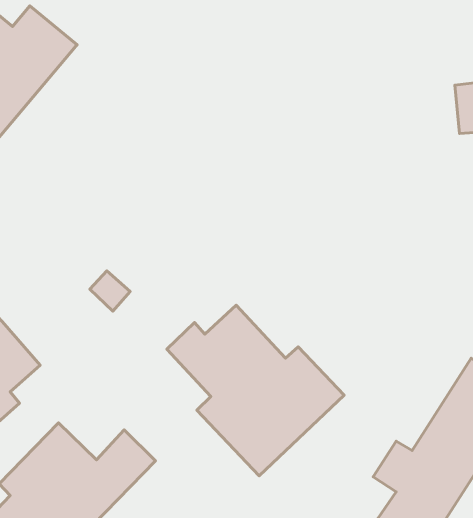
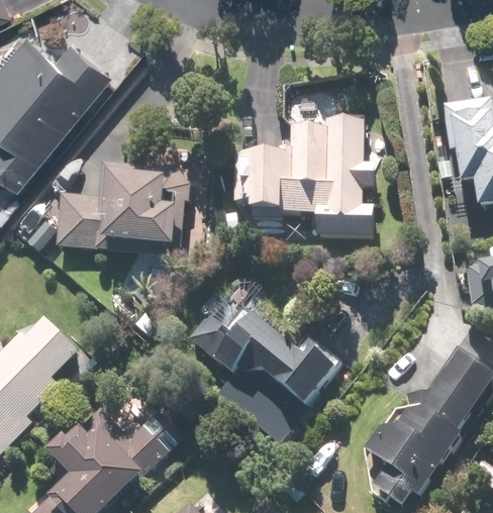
building: none -> [229,116,376,237]
building: none -> [57,169,182,250]

